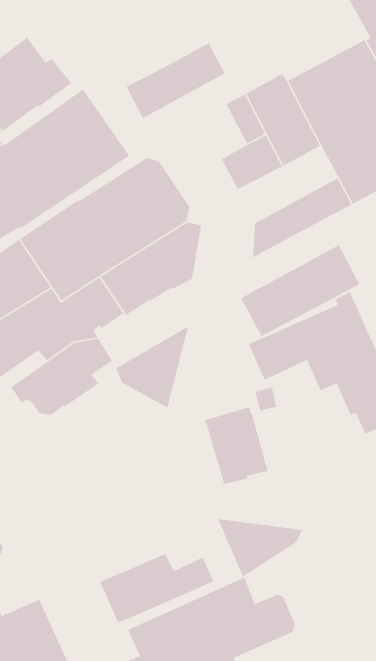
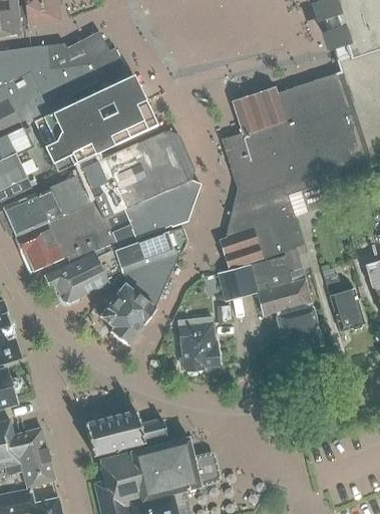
building: [125,42,226,119] -> [229,142,301,188]
building: none -> [226,194,294,236]
building: none -> [113,225,187,273]
building: none -> [92,284,153,344]
building: [217,518,303,578] -> none

